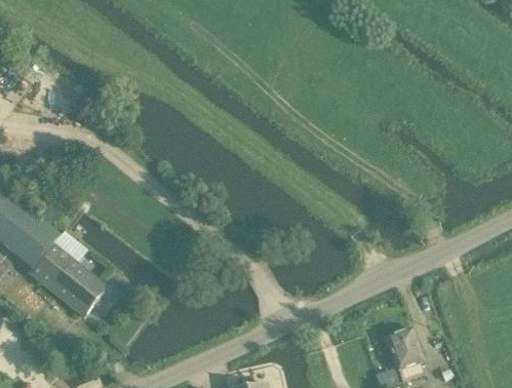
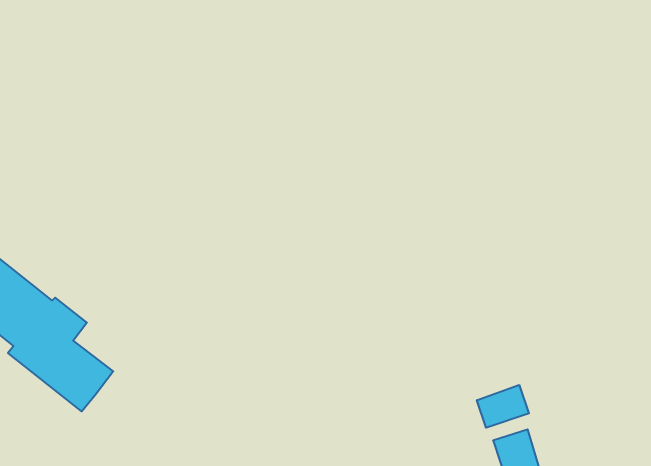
building: none -> [477,385,529,428]

